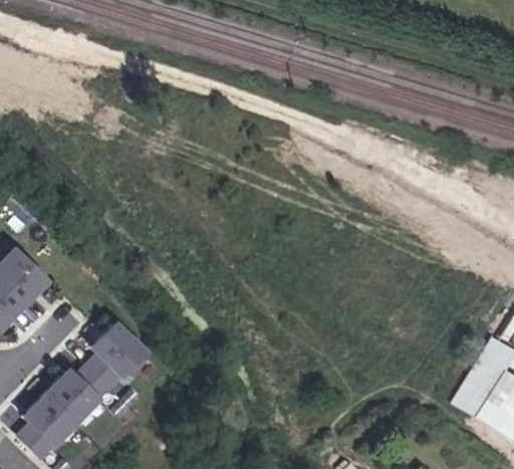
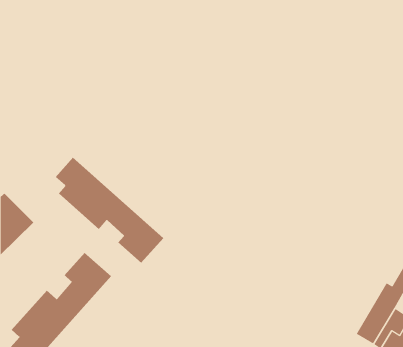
building: none -> [55,157,164,264]

